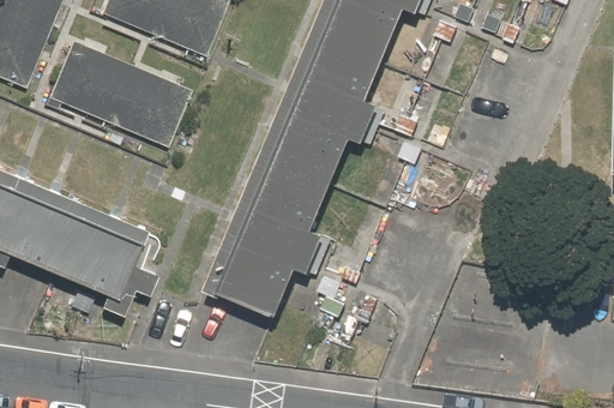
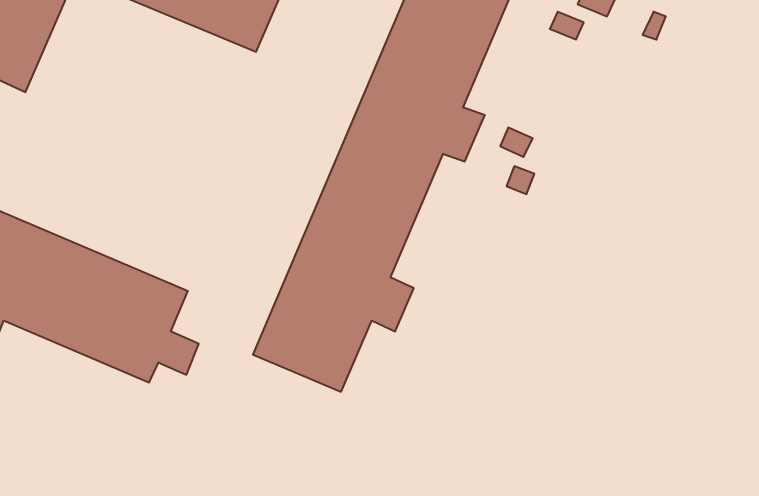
building: [49,38,189,142] -> none

